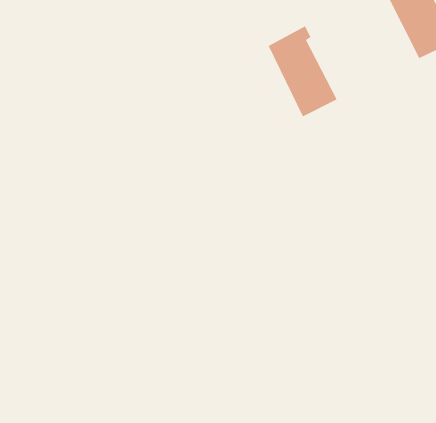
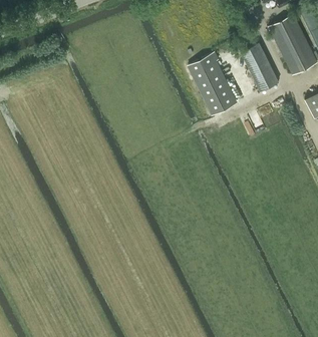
building: none -> [240,42,278,91]

